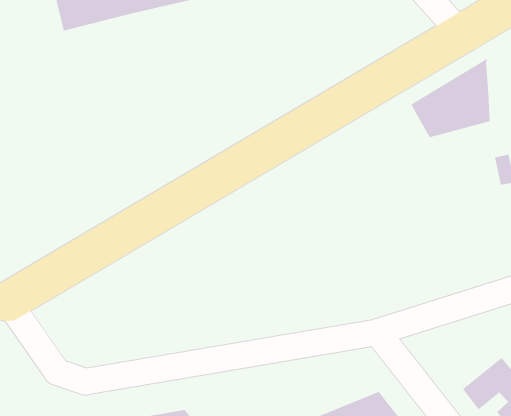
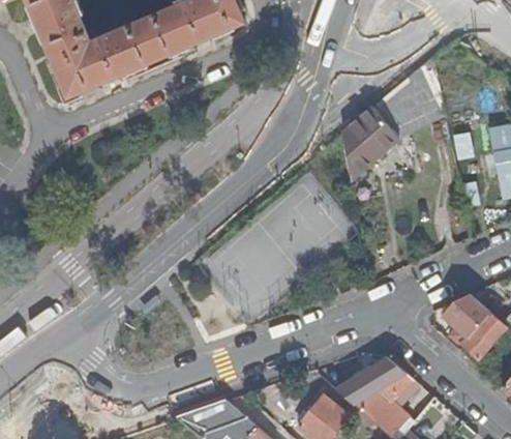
building: none -> [341,108,399,181]
building: none -> [442,294,488,338]

